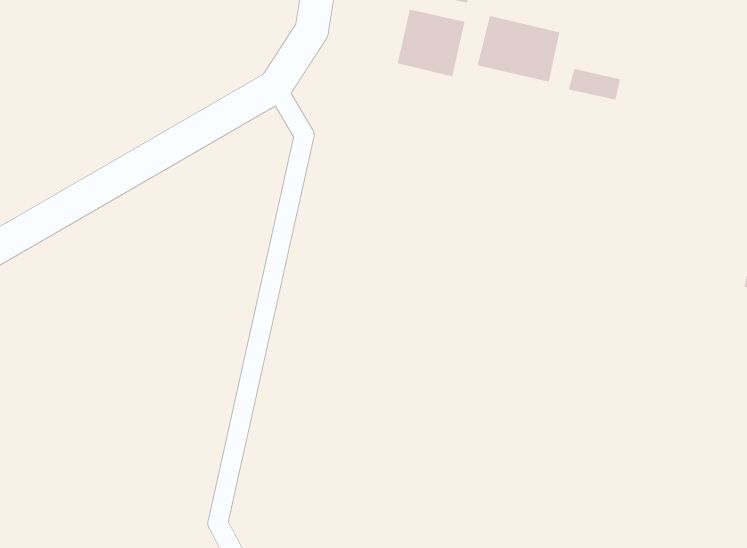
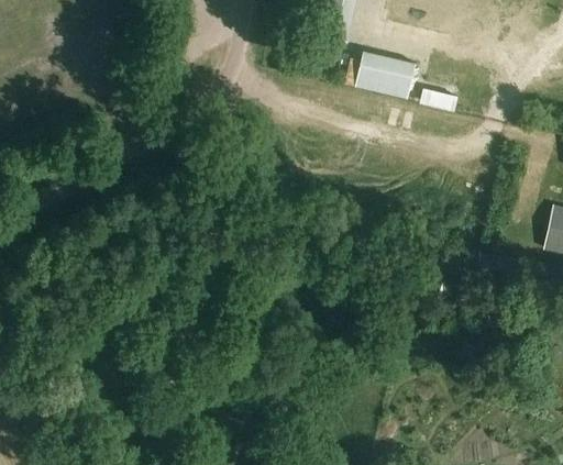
building: [397,9,465,77] -> none

